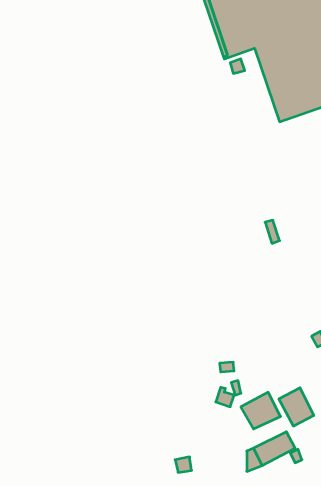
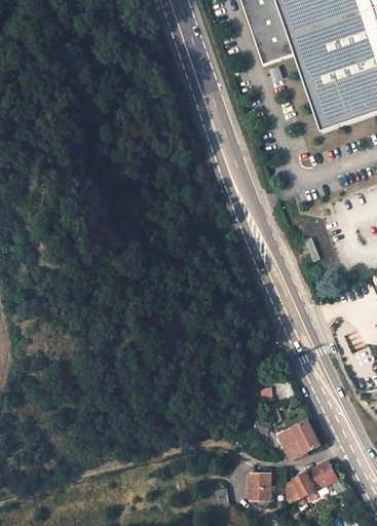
building: [279,388,314,426] -> none
building: none -> [248,472,270,499]

